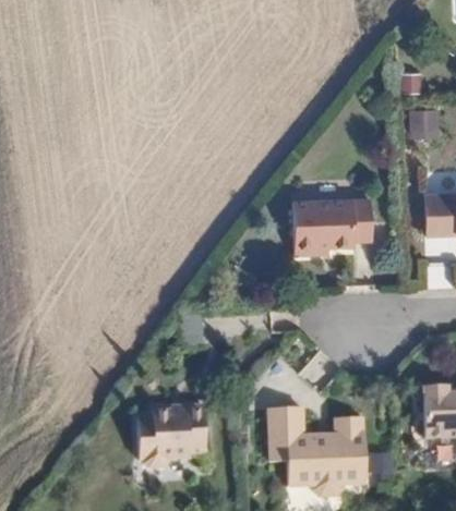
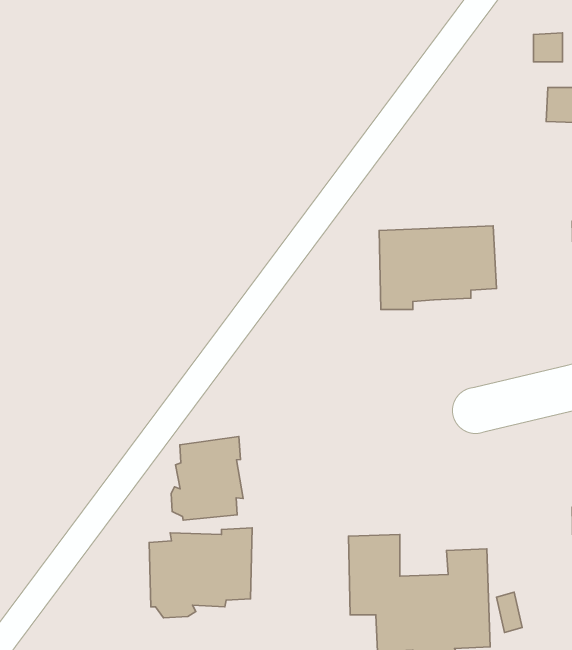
building: none -> [171,436,243,520]

